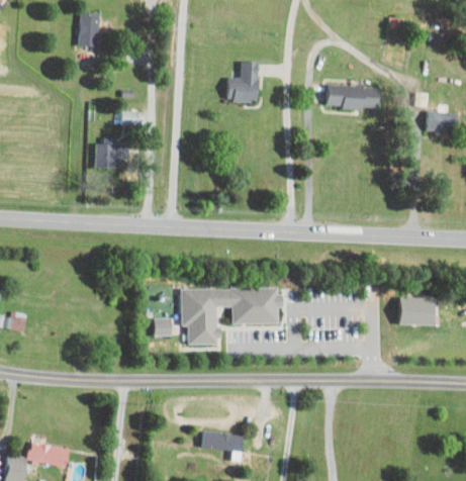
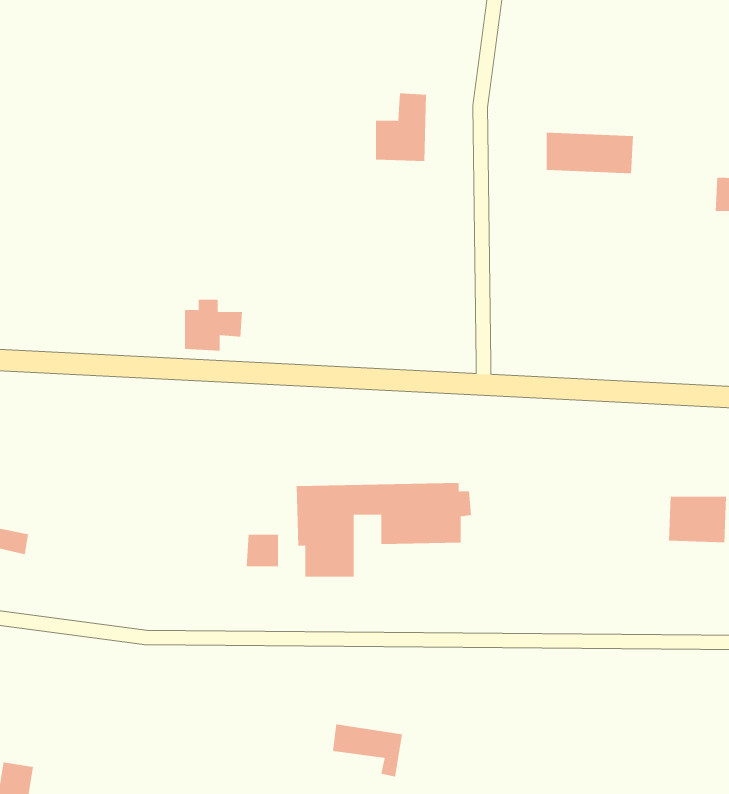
building: [80,11,99,45] -> none
building: [96,137,130,168] -> [184,299,243,351]
building: [28,443,69,466] -> none

